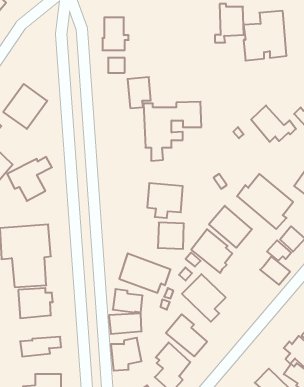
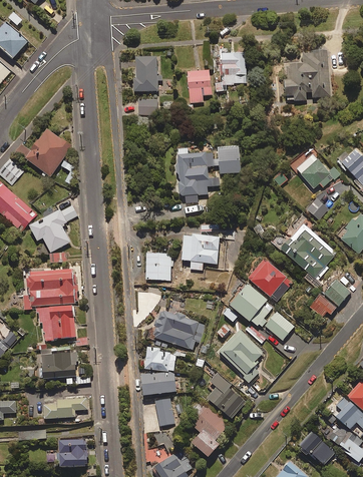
building: [215,4,244,42] -> [215,50,246,91]
building: [127,77,151,108] -> [186,70,211,103]
building: [158,223,184,249] -> [144,253,172,281]
building: [260,257,290,285] -> [262,311,294,341]

